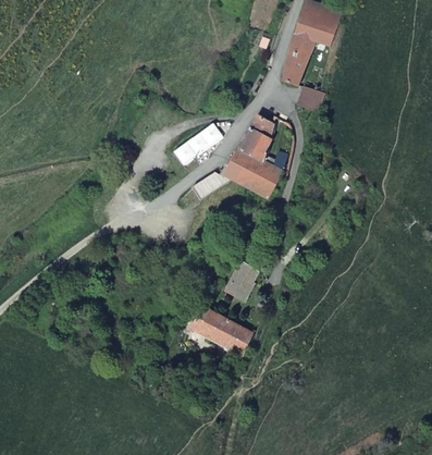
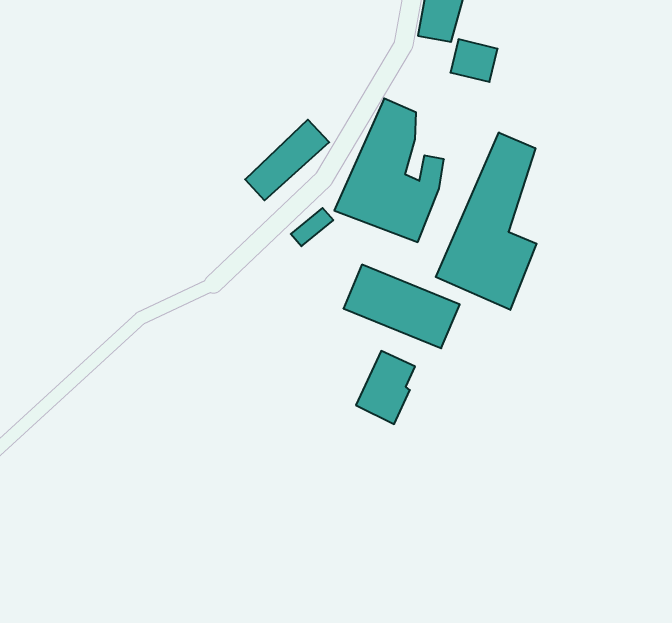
building: none -> [436,132,537,310]
building: [187,303,254,355] -> [343,265,460,348]

